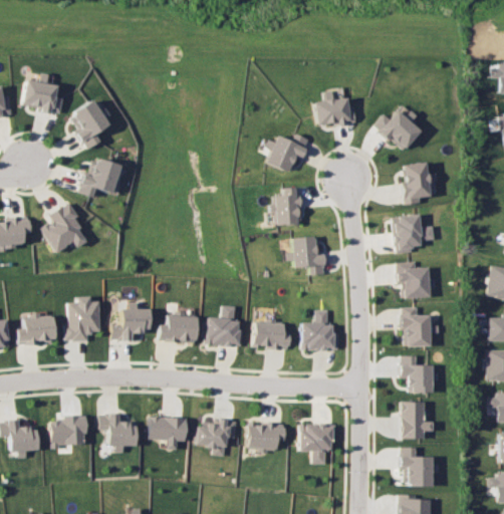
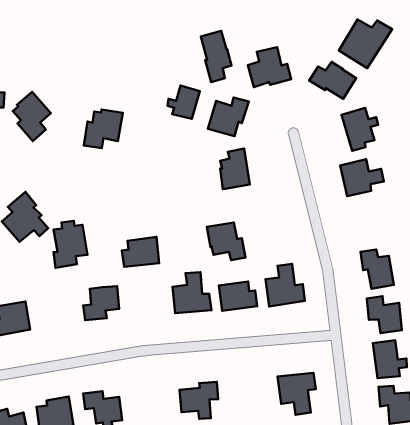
building: none -> [201,31,231,82]
building: none -> [339,20,392,68]
building: none -> [167,86,200,119]
building: [74,159,118,198] -> [84,110,123,148]
building: [289,237,324,275] -> [207,222,246,260]
building: [397,261,436,297] -> none
building: [66,296,100,341] -> [53,221,87,268]
building: [159,315,196,342] -> [122,237,159,267]
building: [150,417,188,449] -> none
building: [248,423,285,449] -> none

